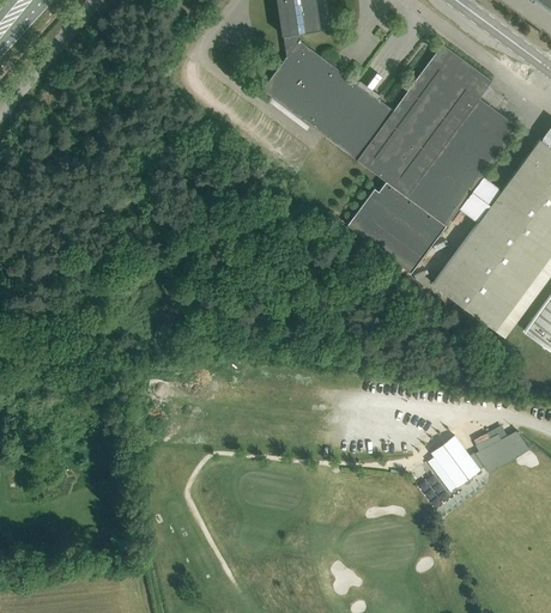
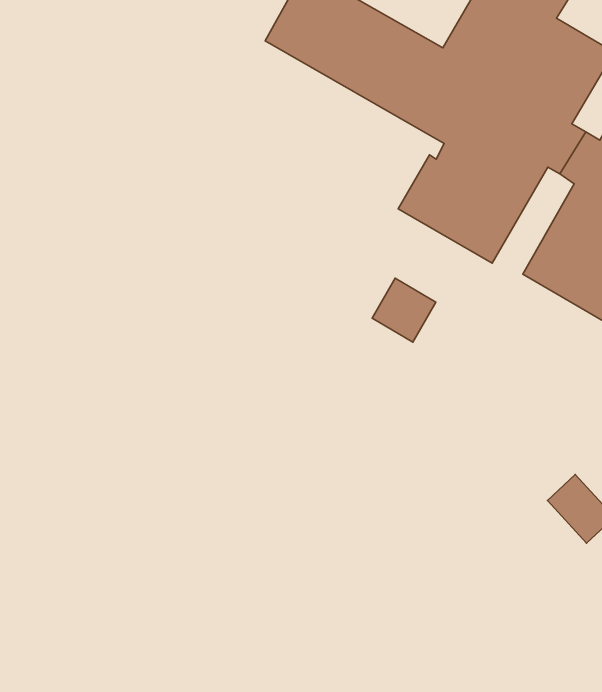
building: none -> [372,278,436,342]

